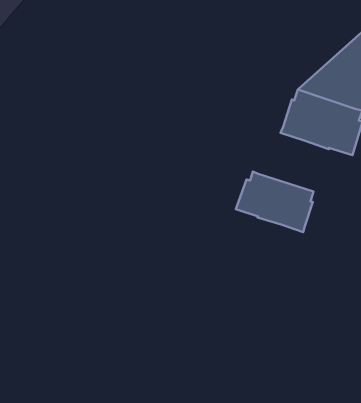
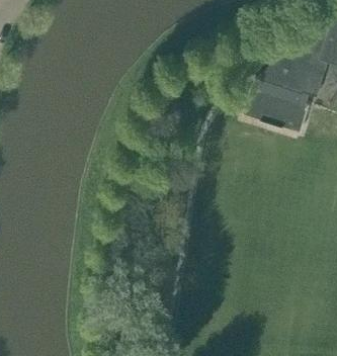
building: [236,171,314,232] -> none

